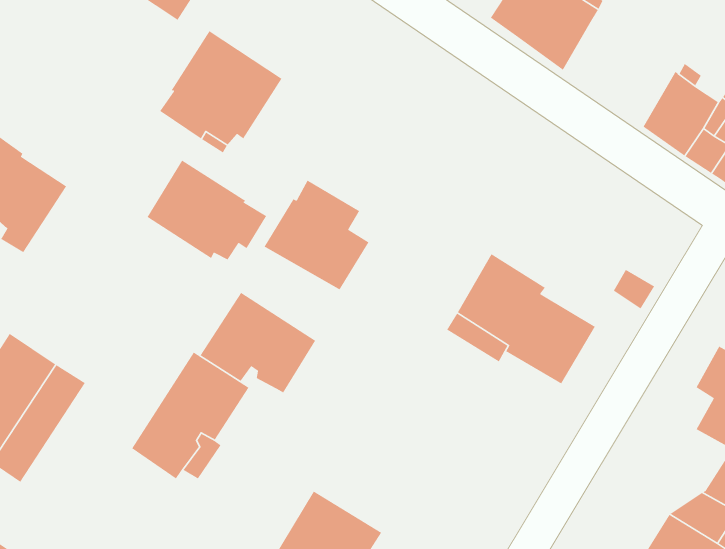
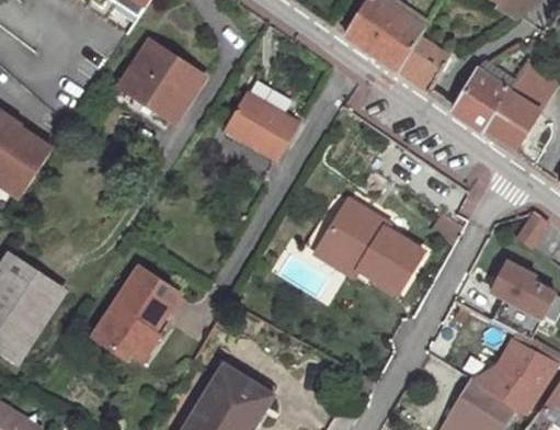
building: none -> [398,36,449,91]
building: [146,160,267,261] -> none
building: [264,180,370,290] -> [224,80,298,158]
building: [200,292,316,394] -> none

